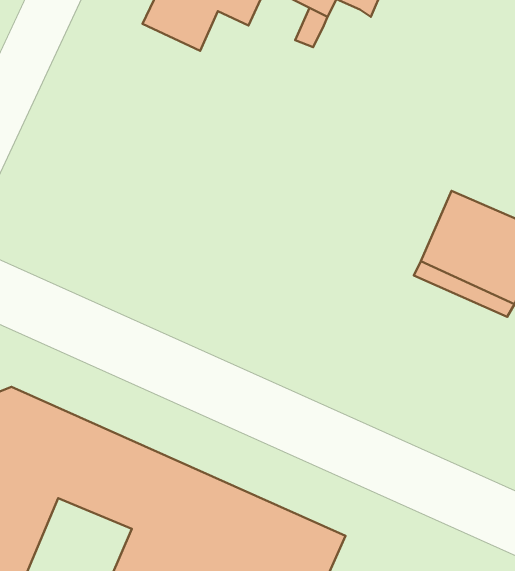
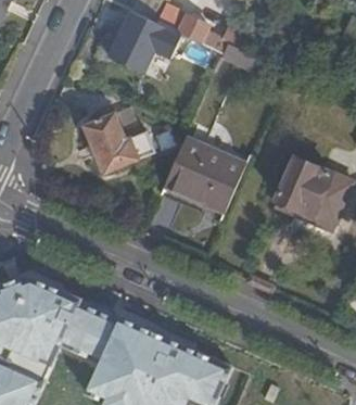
building: none -> [81,110,153,174]
building: none -> [163,135,244,210]

